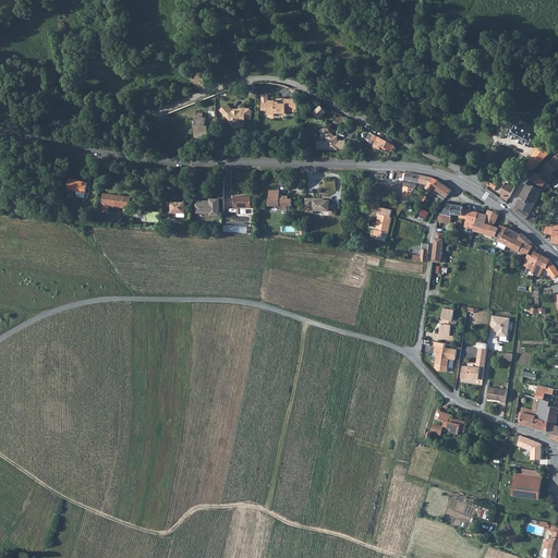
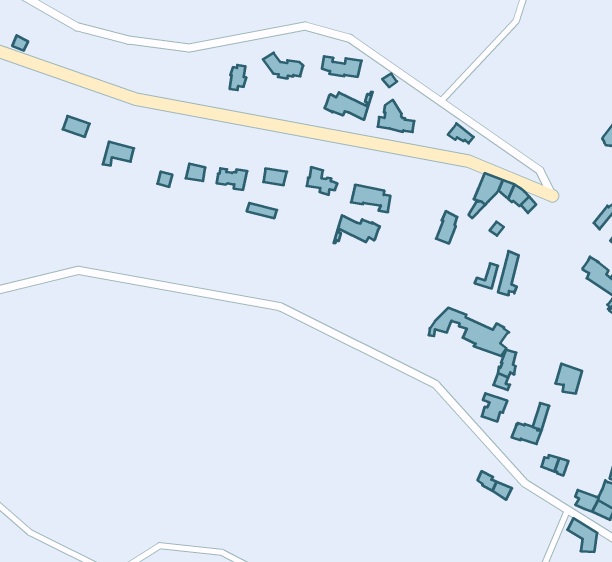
building: none -> [325,92,373,120]
building: [435,204,498,235] -> [429,308,509,356]
building: none -> [334,215,380,243]

